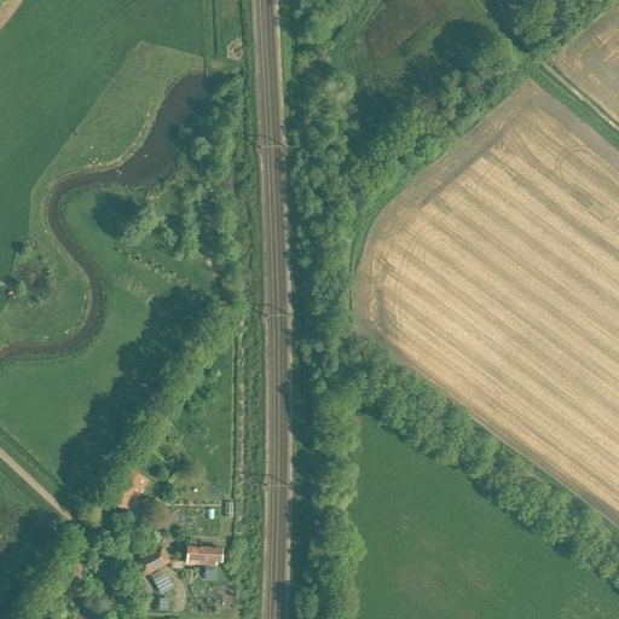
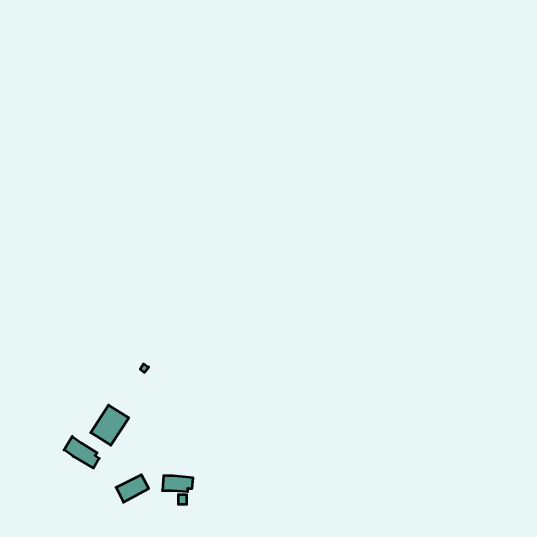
building: none -> [64,436,99,468]

